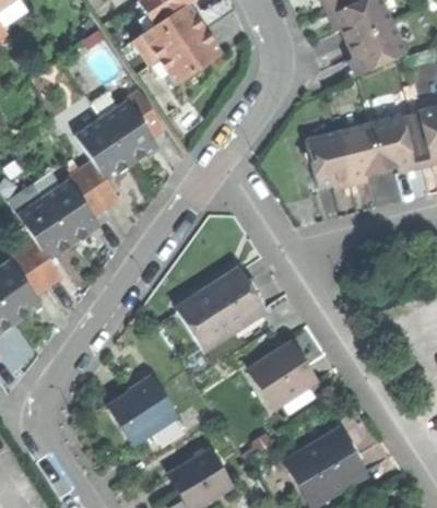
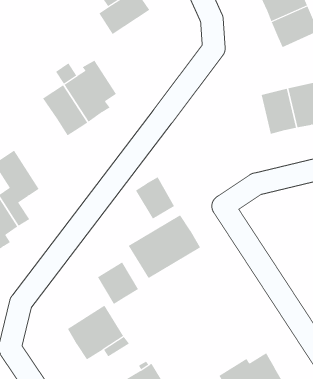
building: [161,29,222,84] -> none
building: [306,130,347,185] -> none
building: [45,158,120,241] -> none
building: none -> [135,176,175,220]
building: none -> [97,262,139,305]
building: [251,344,317,409] -> none

